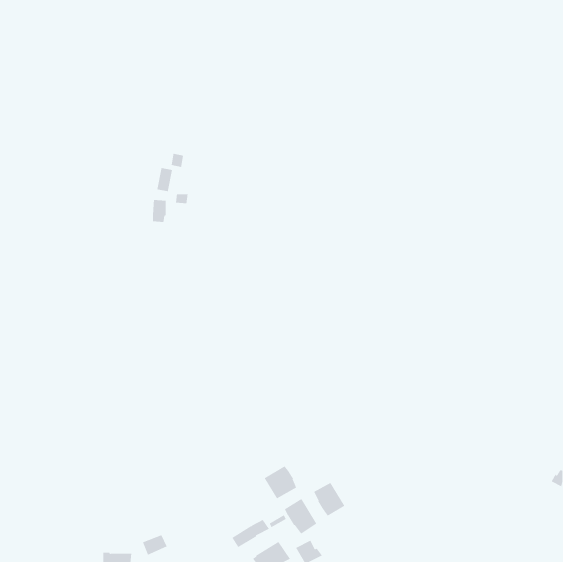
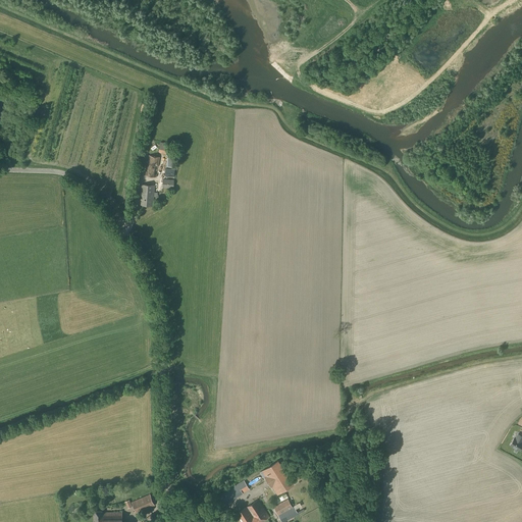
building: [264,466,297,499] -> none
building: [314,482,345,516] -> none

